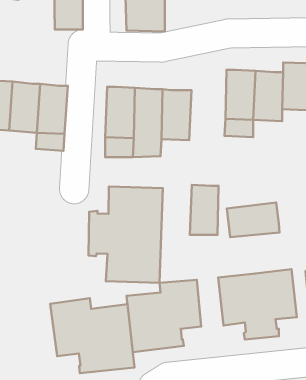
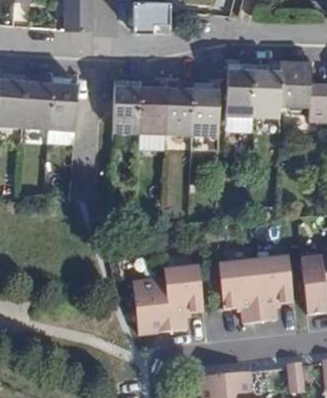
building: [190,185,219,235] -> [192,87,219,135]
building: [88,187,163,283] -> none
building: [227,203,280,237] -> none
building: [50,298,135,373] -> none

